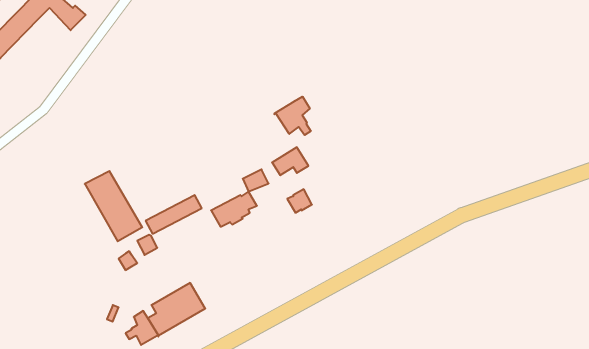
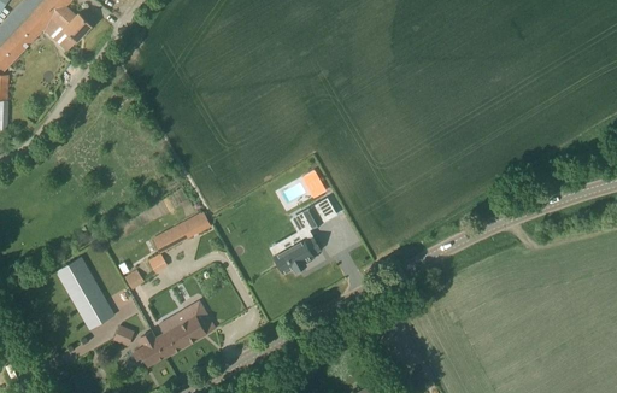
building: [274,97,311,135] -> none
building: [85,171,142,241] -> [55,257,114,329]
building: [211,192,257,227] -> [274,235,321,271]

